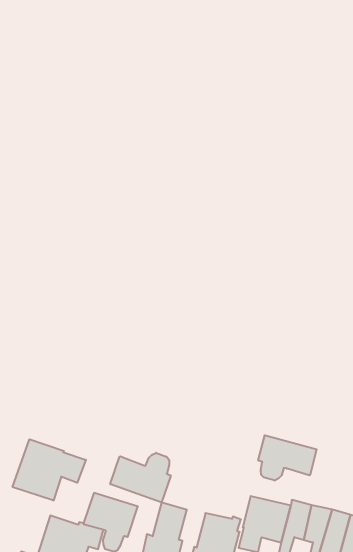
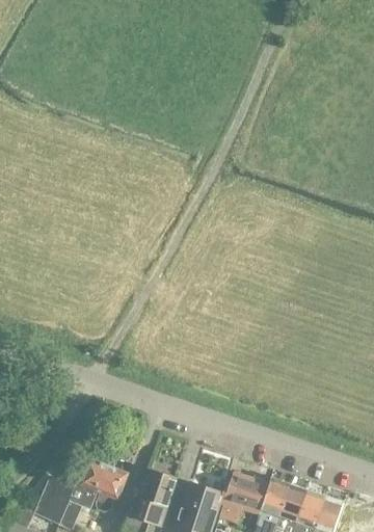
building: [258,435,317,481] -> none
building: [13,439,86,501] -> none
building: [110,453,171,503] -> none

